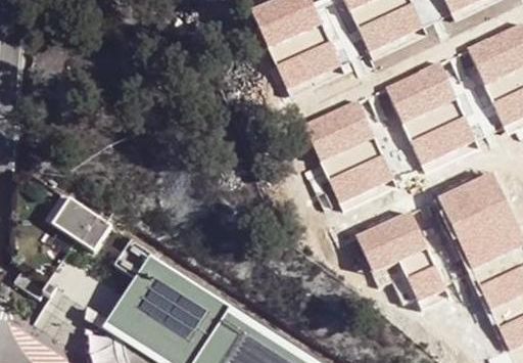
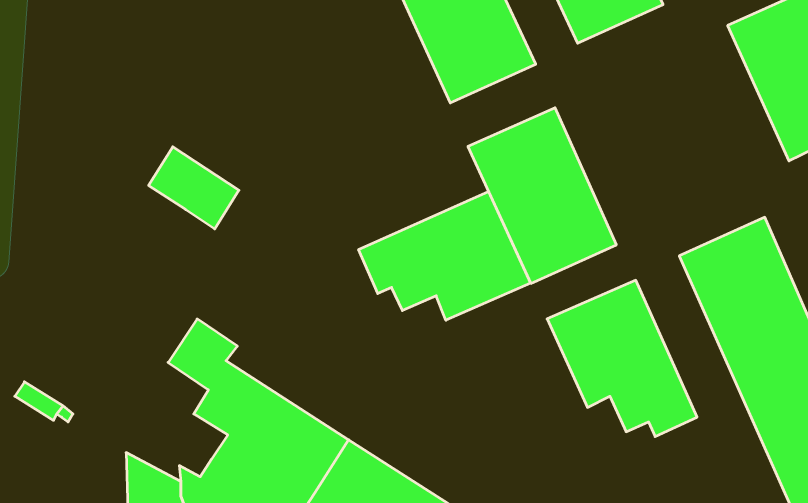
building: [386,60,480,172] -> none
building: none -> [359,191,531,320]
building: [54,197,111,249] -> [149,147,239,229]
building: [86,293,150,336] -> none

